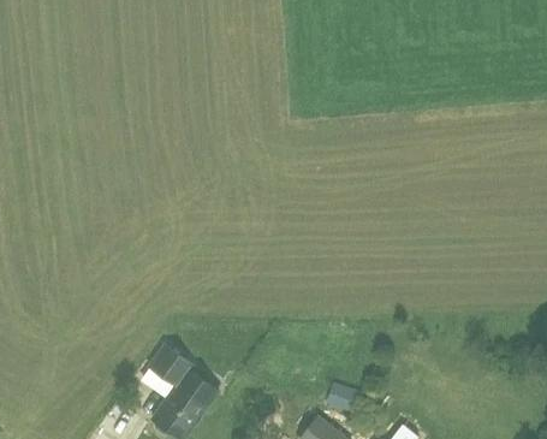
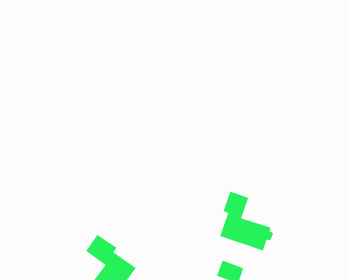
building: none -> [219,191,274,251]

